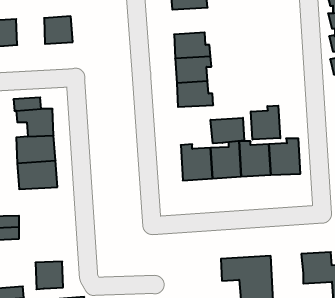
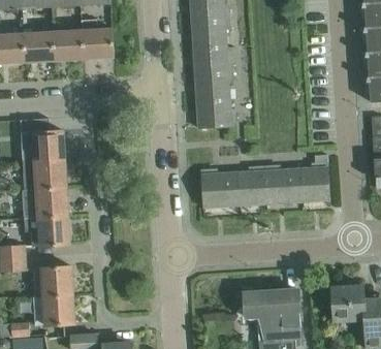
building: none -> [83,21,114,58]
building: none -> [192,21,231,50]
building: none -> [24,32,55,61]
building: [251,106,280,140] -> none
building: [211,118,244,143] -> none
building: none -> [27,215,69,246]
building: none -> [35,265,73,297]

